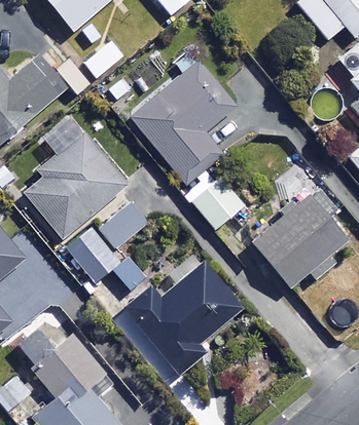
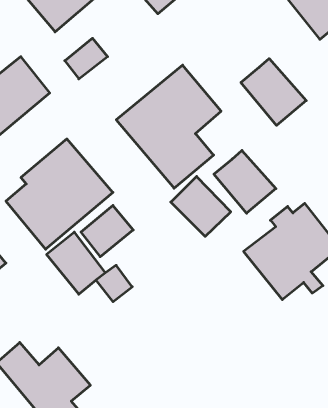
building: none -> [241,59,306,125]
building: none -> [214,150,276,213]
building: [123,260,243,375] -> none

